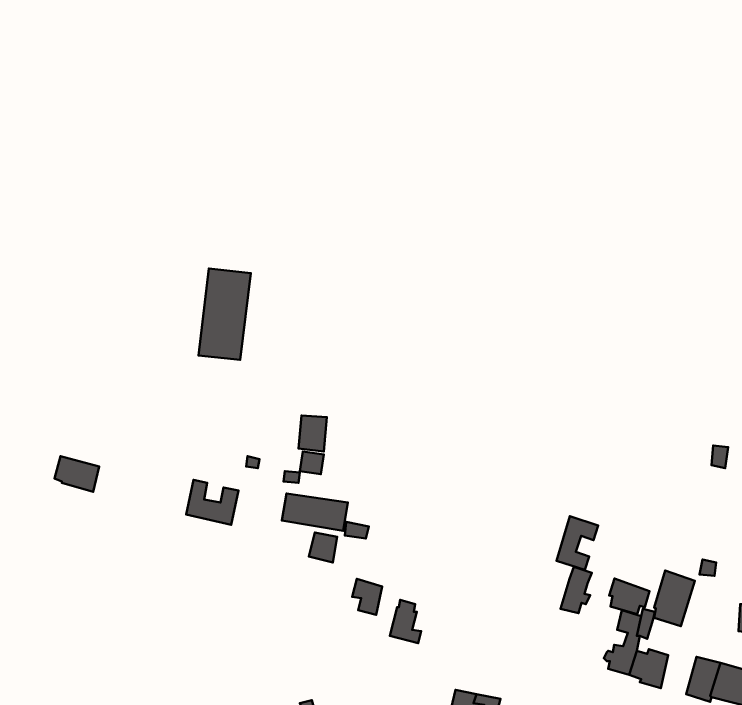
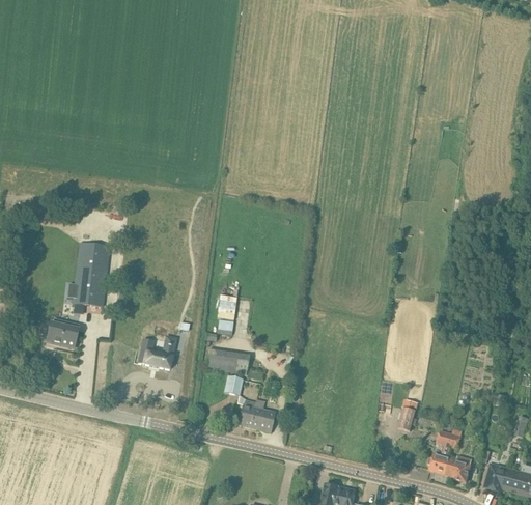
building: [198,269,251,360] -> [74,242,110,305]
building: [556,516,598,570] -> none
building: [654,570,695,626] -> none
building: [609,579,649,614] -> none
building: [390,600,421,643] -> [237,398,259,428]

